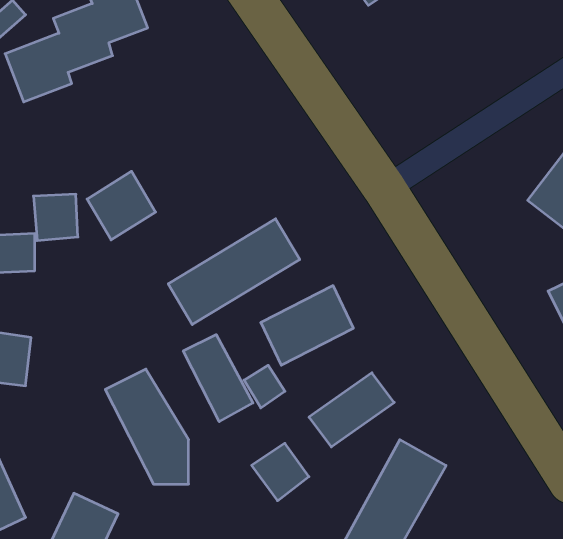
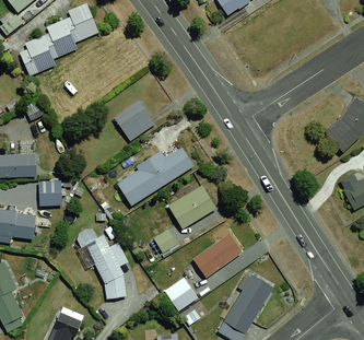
building: [87,171,156,240] -> [118,101,158,141]
building: [33,194,78,241] -> [33,178,59,206]
building: [183,335,253,422] -> none

